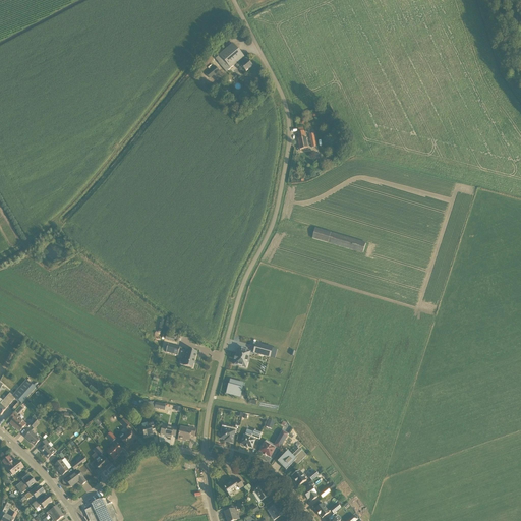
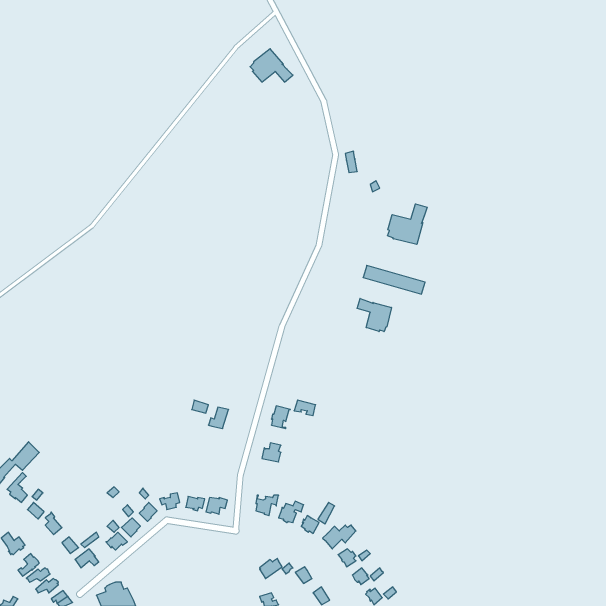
building: none -> [388,204,427,244]
building: none -> [357,298,391,332]

